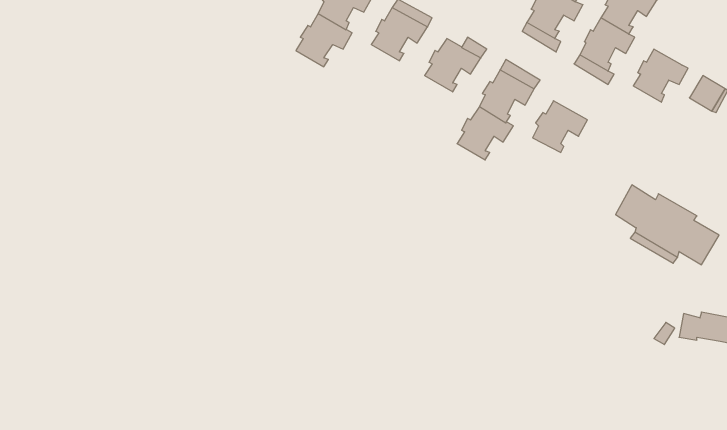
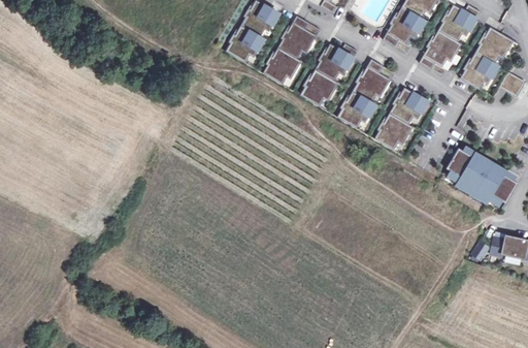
building: none -> [475,27,515,64]
building: none -> [264,50,302,87]
building: none -> [301,71,339,108]
building: none -> [375,115,415,151]

